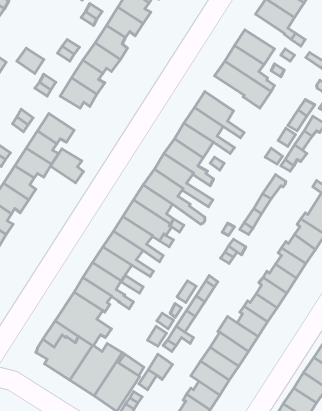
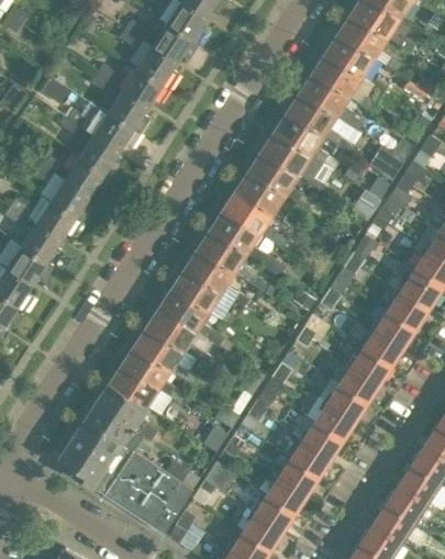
building: none -> [326,31,376,75]
building: none -> [276,109,329,160]
building: [50,149,83,183] -> [79,134,121,177]

